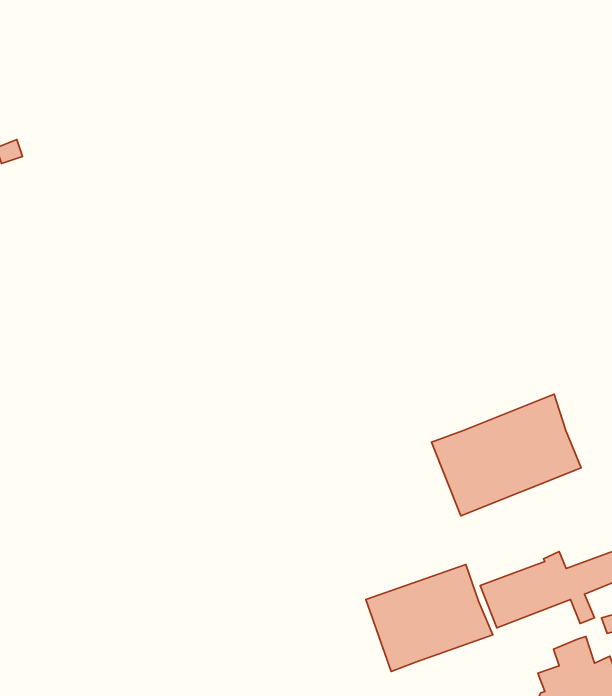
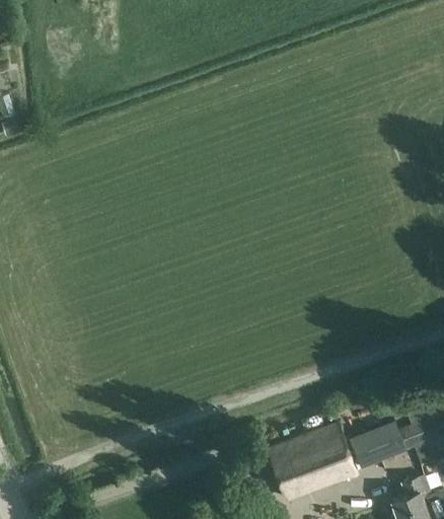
building: [431,394,581,516] -> none

